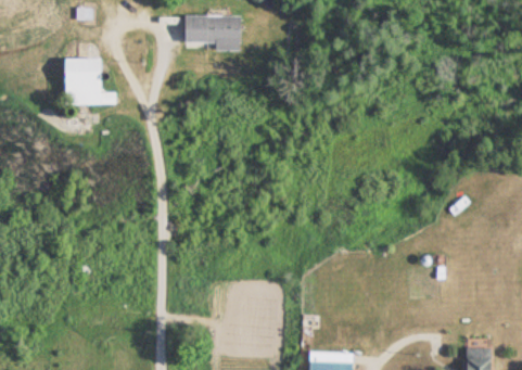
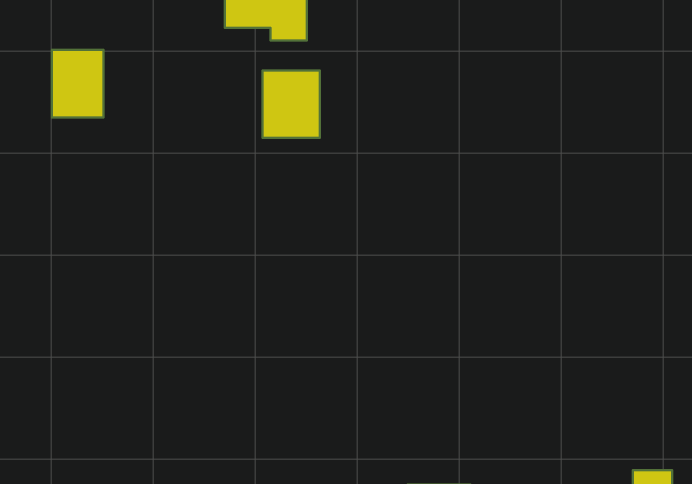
building: none -> [262,71,320,138]

